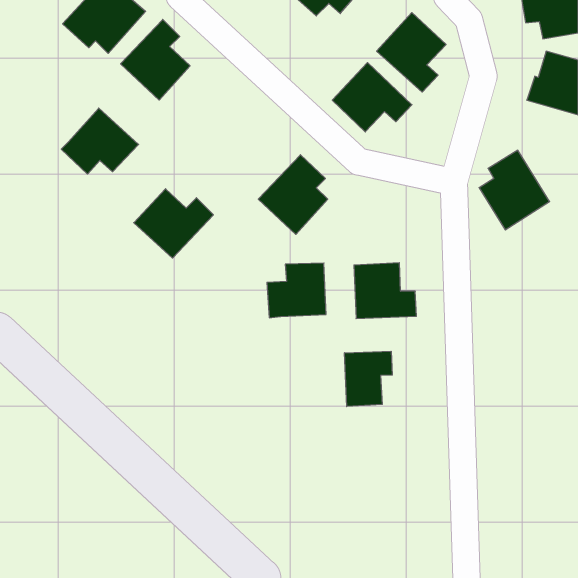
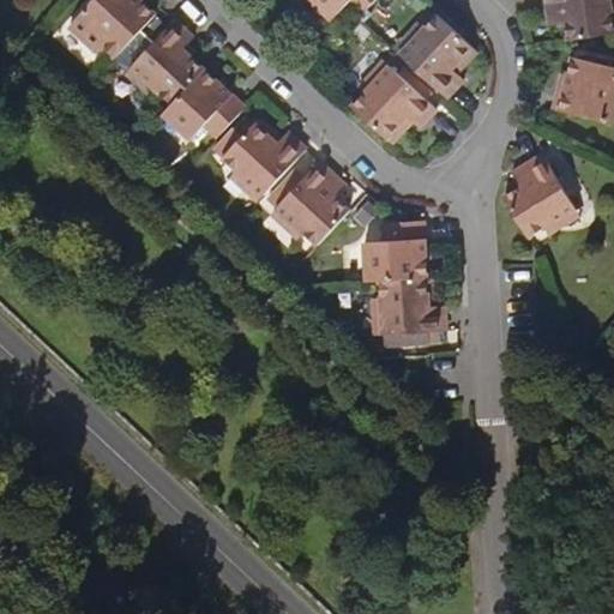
building: [61,108,139,174] -> [161,70,242,139]
building: [134,189,213,258] -> [219,124,303,197]
building: [267,263,326,318] -> [359,223,421,281]
building: [345,351,392,407] -> none

